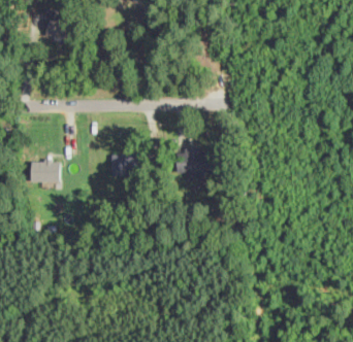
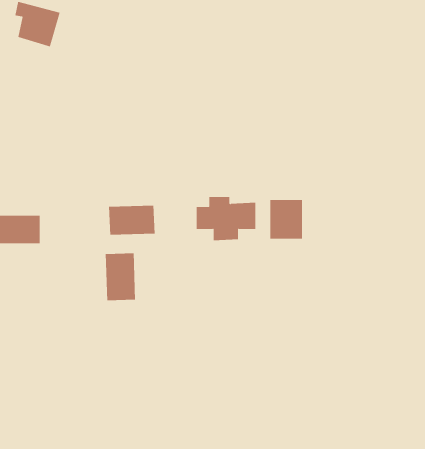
building: none -> [270,199,302,240]
building: none -> [105,253,136,301]

